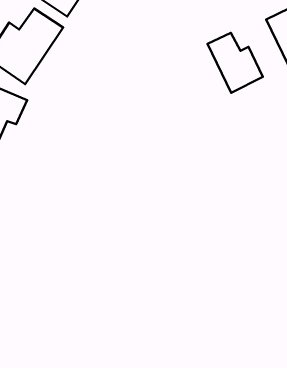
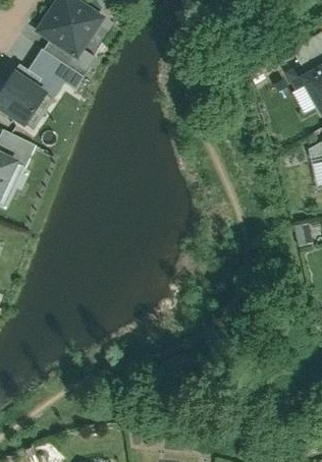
building: [207,33,263,93] -> none

